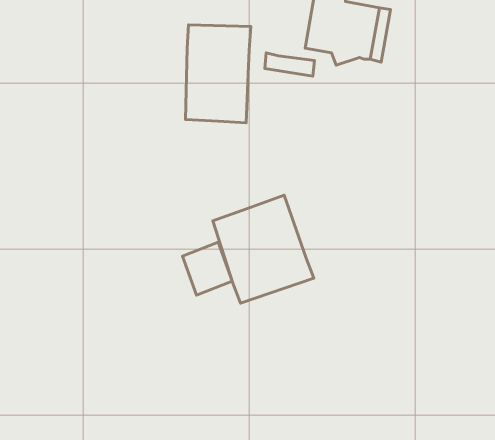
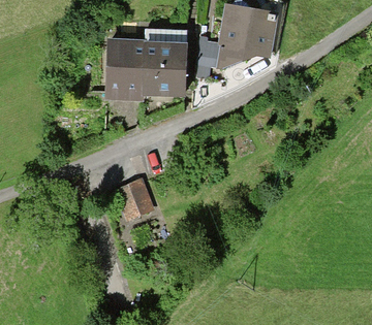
building: none -> [104,44,143,99]
building: [213,195,314,303] -> none

